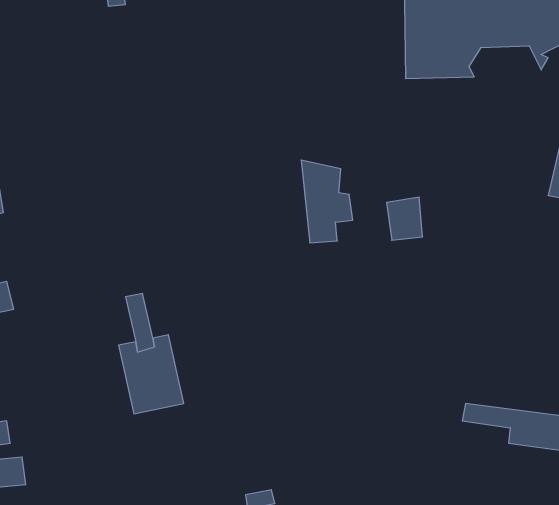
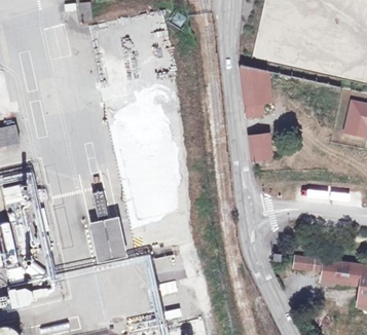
building: [301,160,353,243] -> [241,66,271,115]

